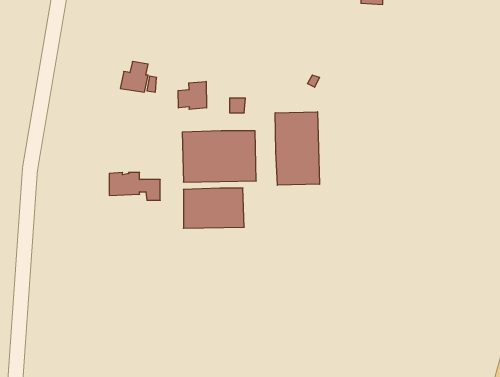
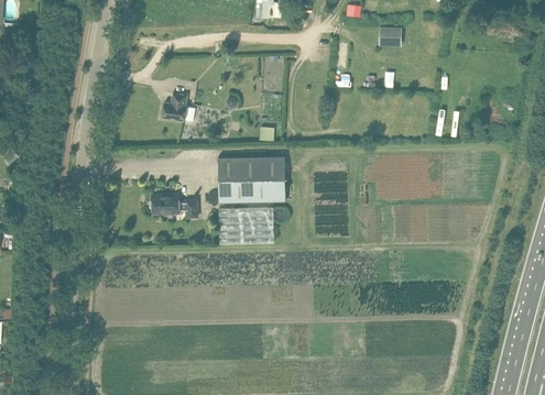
building: [178,81,207,109] -> none
building: [275,112,320,185] -> none

